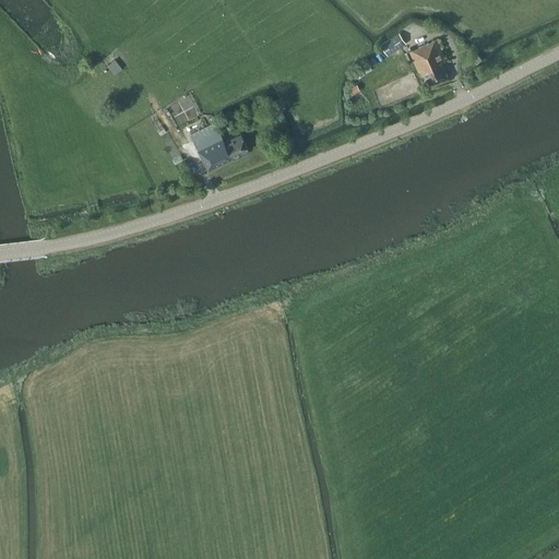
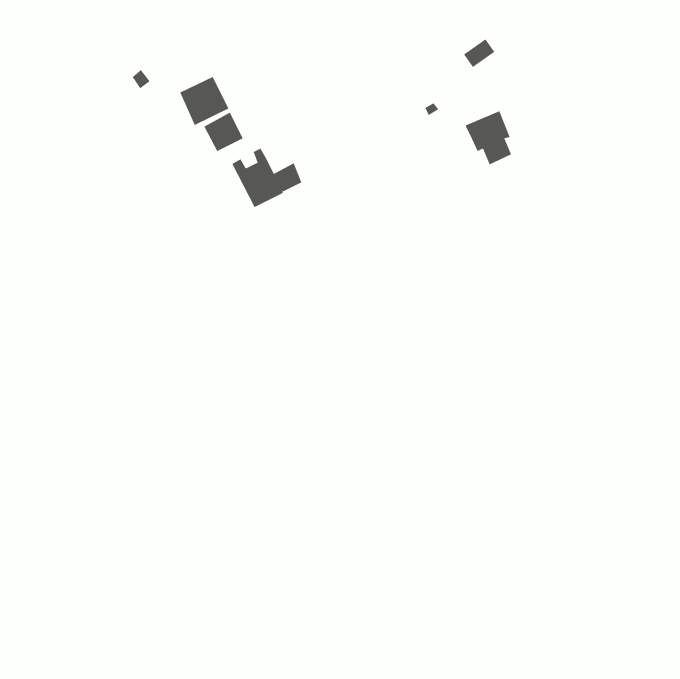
building: [408,39,447,84] -> [465,111,512,165]
building: none -> [179,76,229,126]

